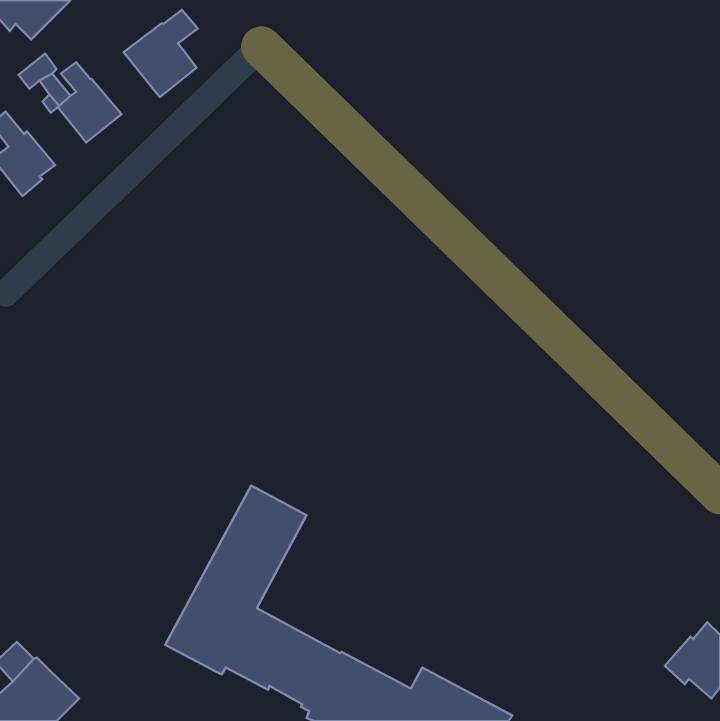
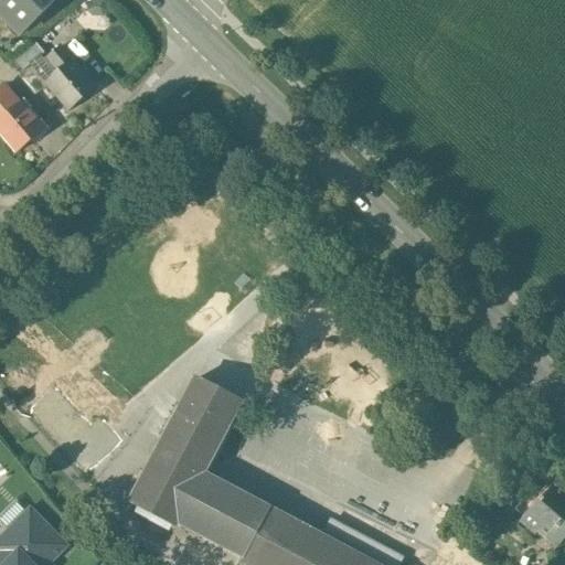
building: [124,10,198,97] -> none

